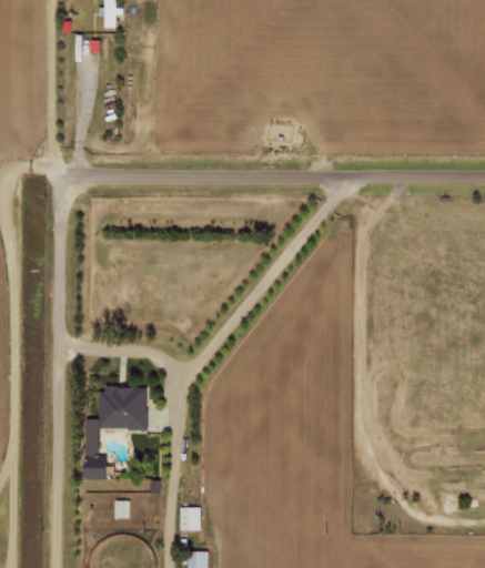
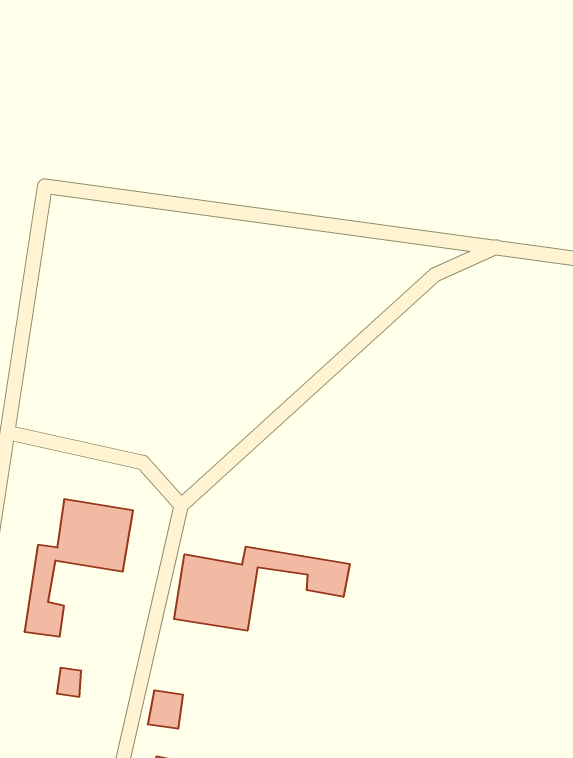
building: none -> [174,547,350,631]

